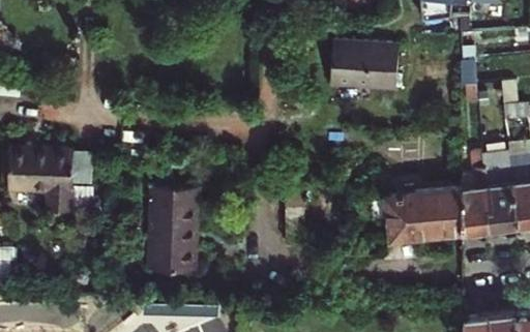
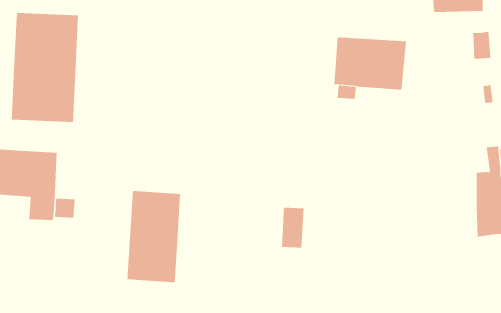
building: none -> [11,12,79,123]
building: [388,185,467,236] -> none

